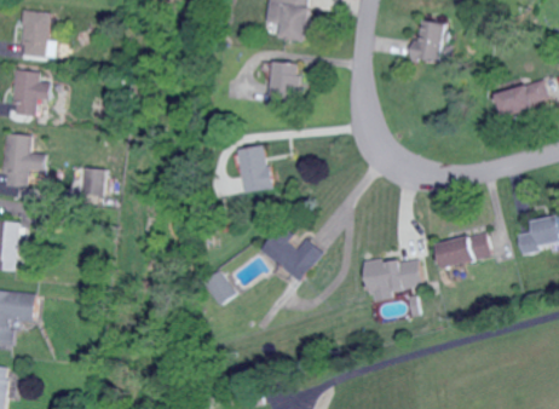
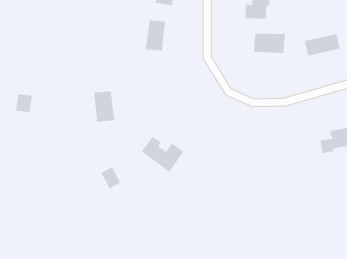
building: none -> [253,33,286,54]
building: [238,145,270,191] -> [93,91,115,123]
building: [437,231,490,267] -> none
building: [365,257,422,303] -> none

